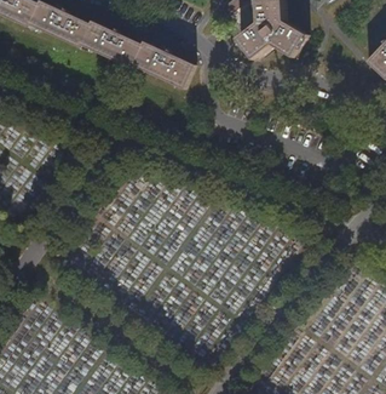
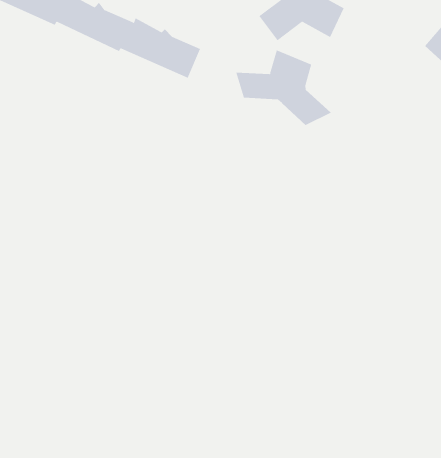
building: none -> [236,49,332,126]

